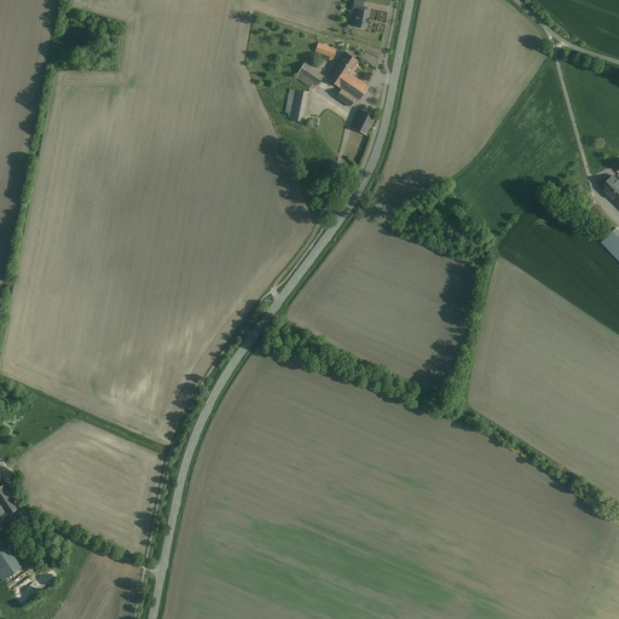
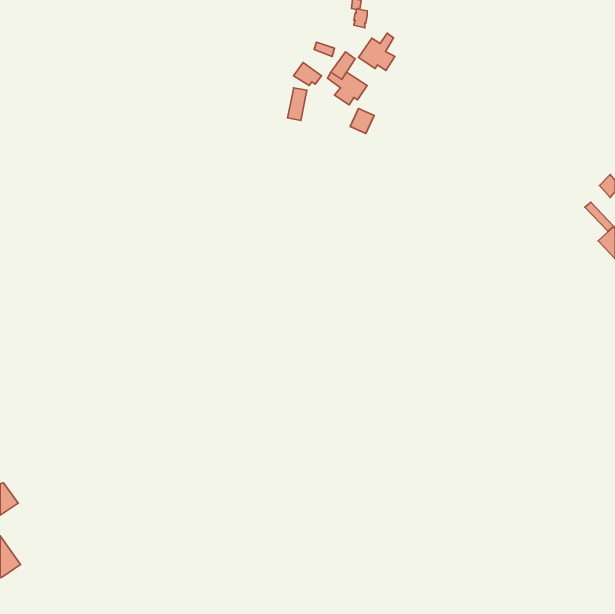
building: none -> [358,33,395,70]

